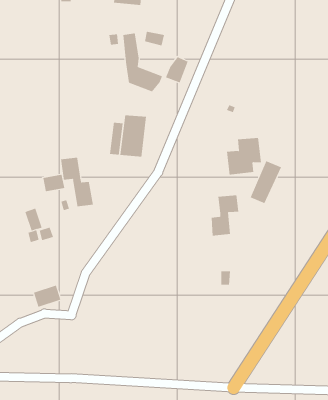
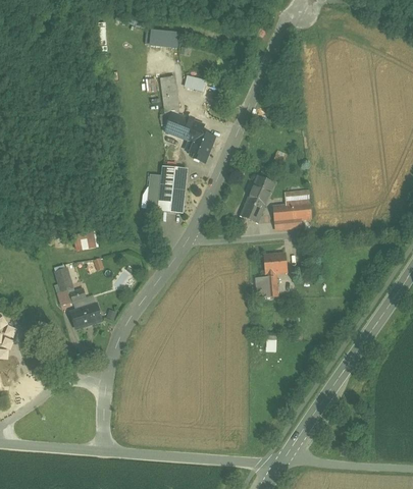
building: [165,57,189,83] -> [188,131,213,160]
building: [60,157,94,207] -> none
building: [250,161,282,204] -> [240,175,274,222]
building: [33,285,61,307] -> [70,304,101,328]

